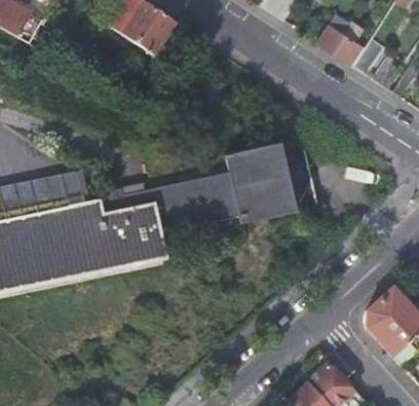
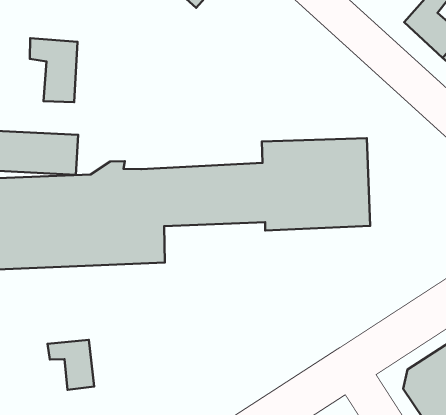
building: none -> [30,38,77,102]
building: none -> [47,340,94,390]

